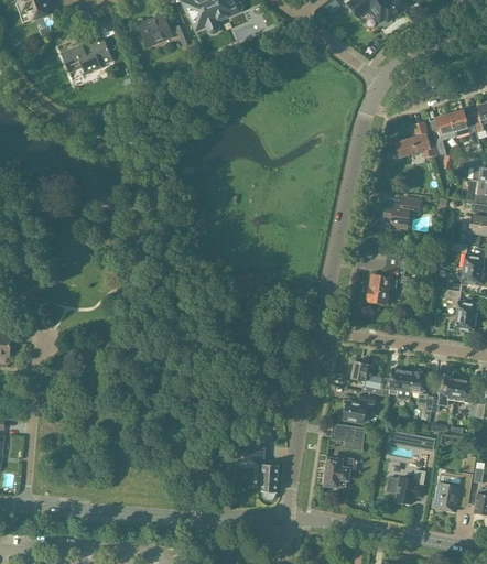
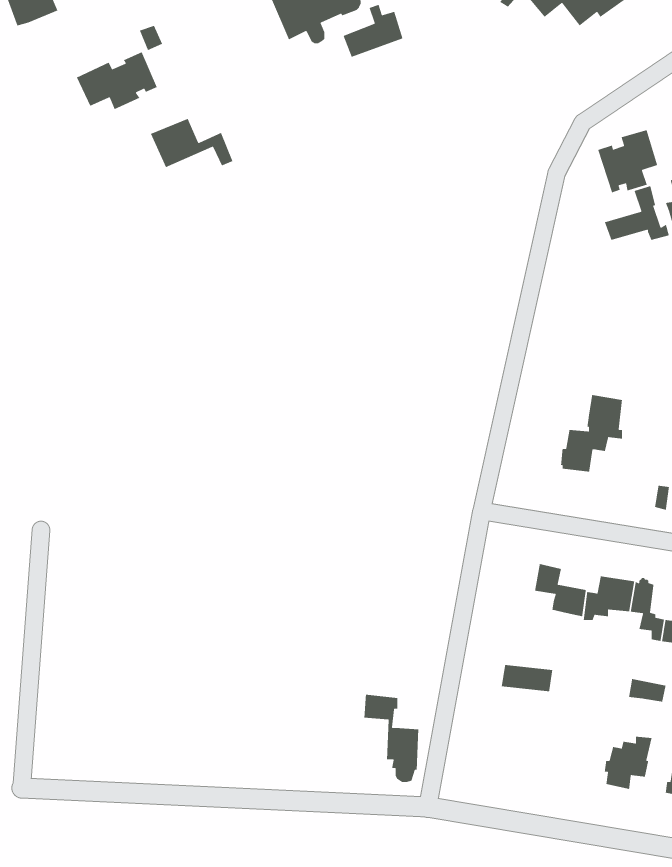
building: [137,14,190,46] -> [150,118,234,168]
building: none -> [597,129,658,193]
building: [383,196,418,228] -> none
building: [342,392,375,422] -> none
building: [324,455,353,487] -> none

